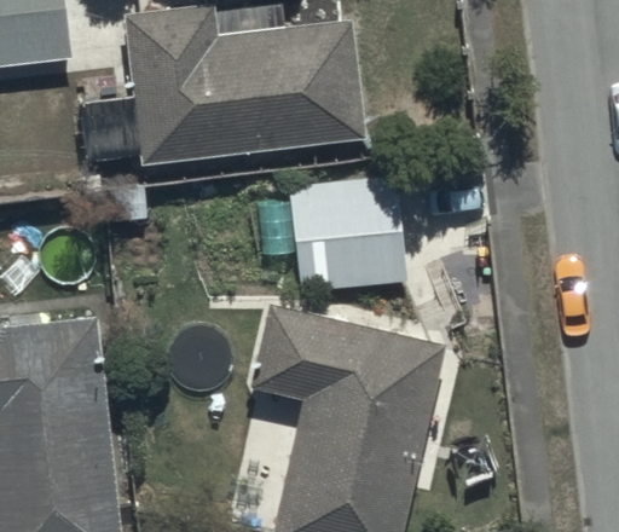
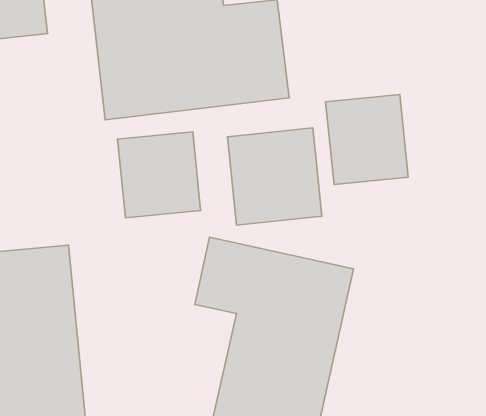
building: none -> [326,95,408,184]
building: none -> [117,132,201,218]

